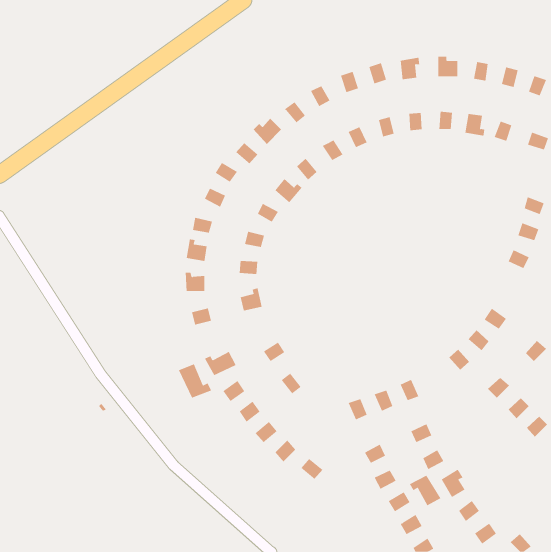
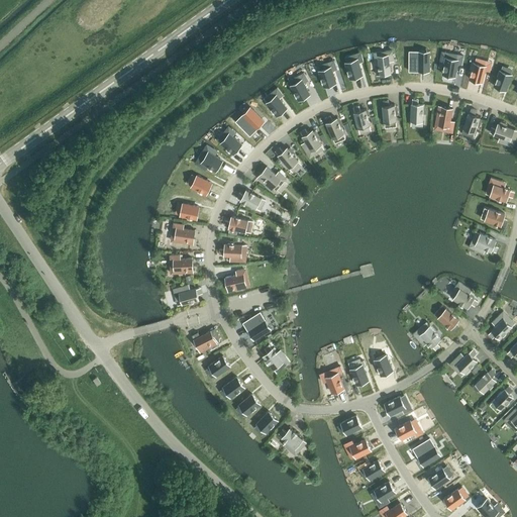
building: [178,363,212,398] -> none
building: [409,475,441,506] -> none

